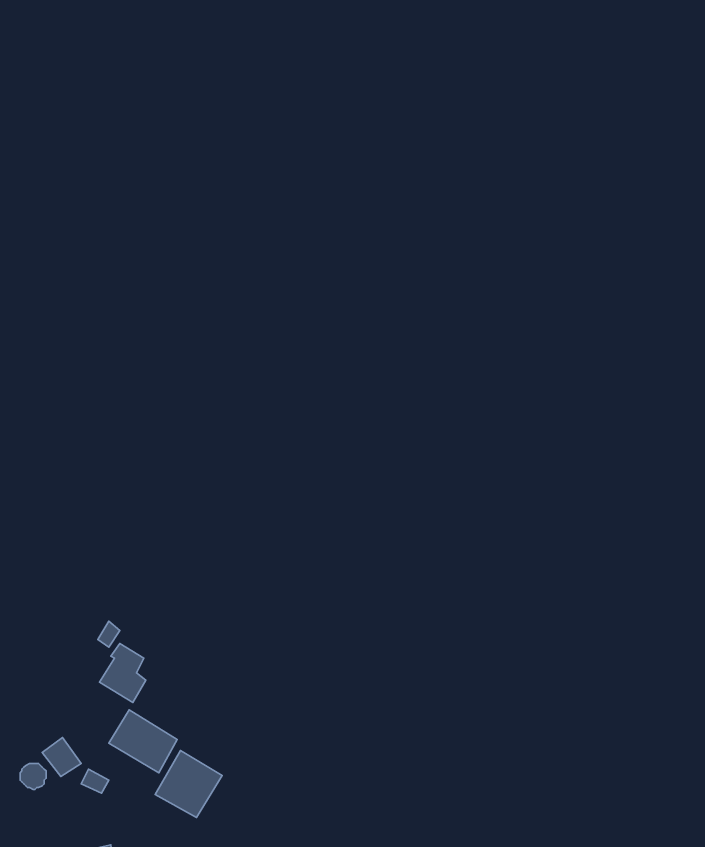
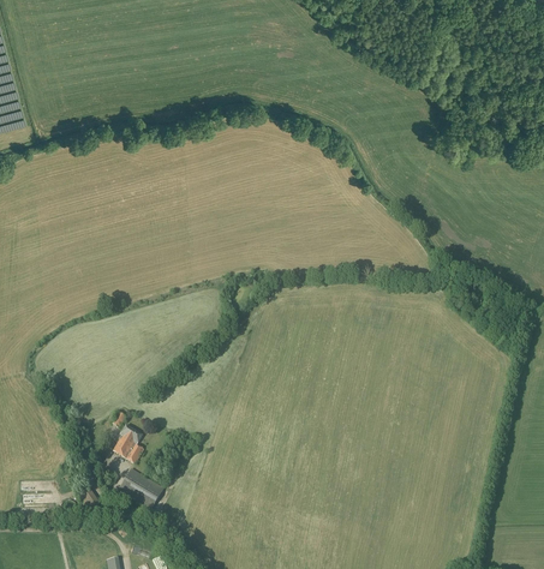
building: [155,751,222,817] -> none

